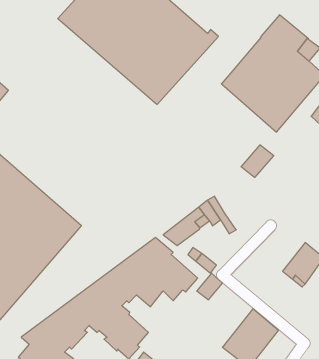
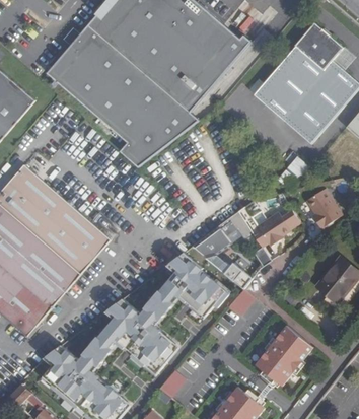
building: none -> [45,26,198,167]
building: none -> [306,188,342,228]
building: none -> [257,211,300,247]

